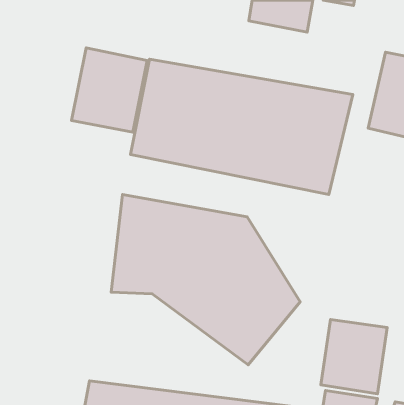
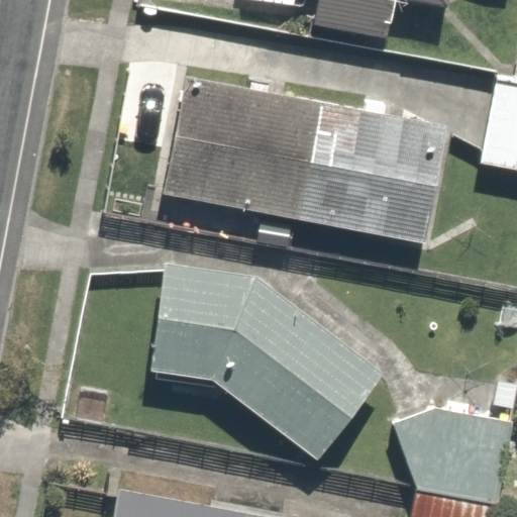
building: [72,48,147,132] -> none

